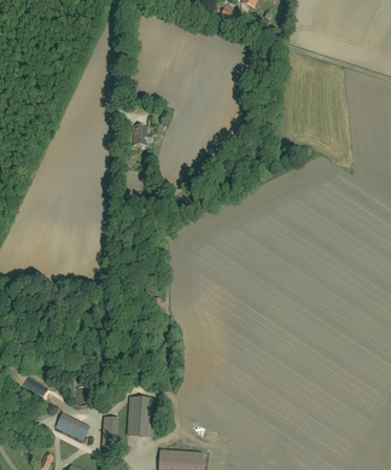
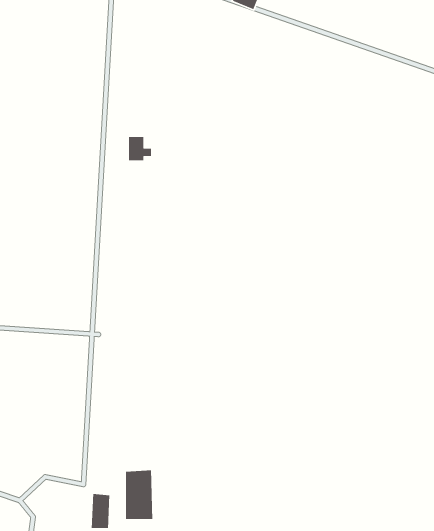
building: [54,410,89,440] -> none

